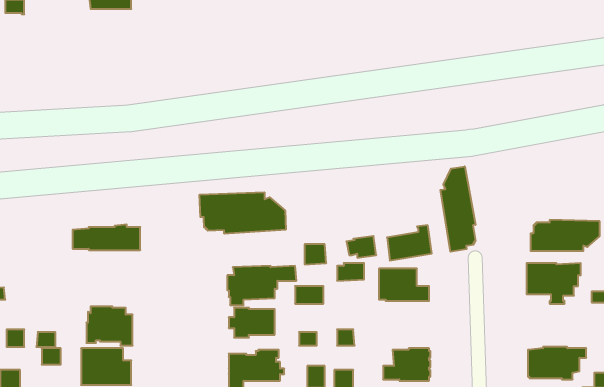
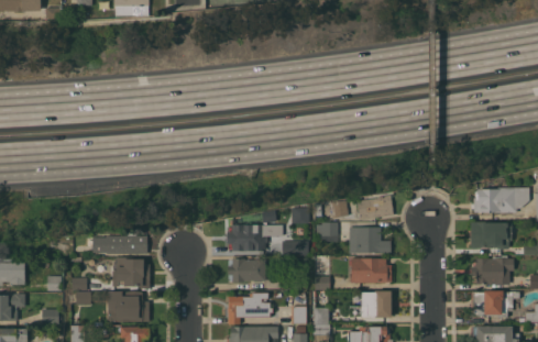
building: [440,166,476,252] -> none
building: [200,192,286,234] -> none
building: [73,224,140,250] -> [92,233,147,254]
building: none -> [471,255,514,285]
building: none -> [349,258,392,283]

